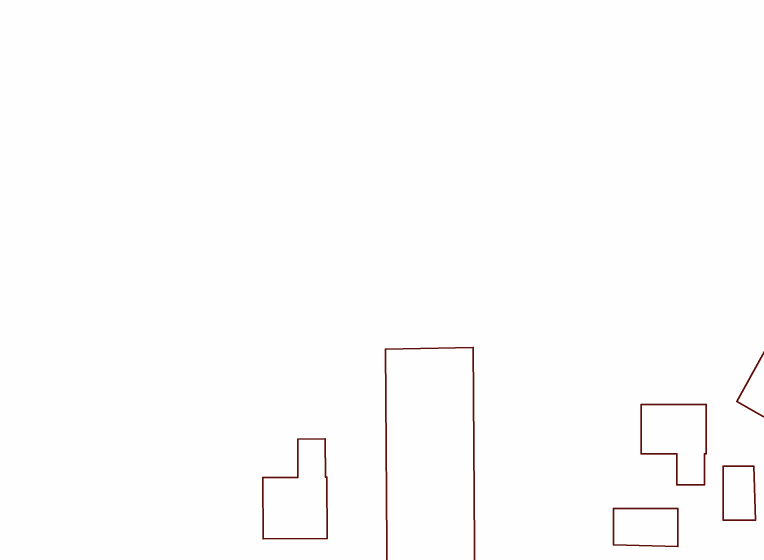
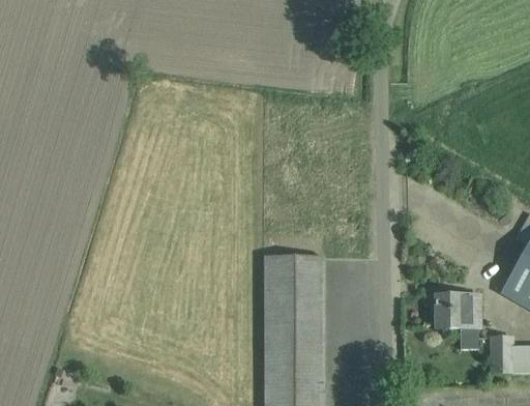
building: [263,439,327,539] -> none
building: [614,508,678,547] -> none

